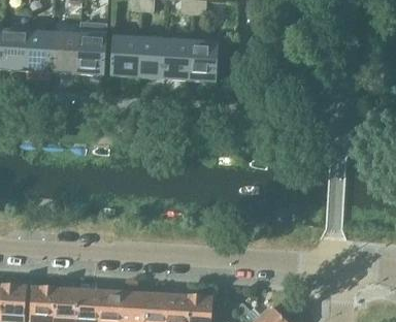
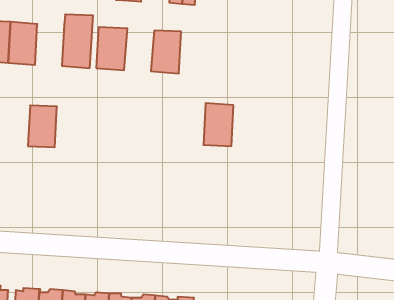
building: [51,32,78,72] -> [28,105,57,147]
building: [136,36,165,77] -> none
building: [189,39,218,80] -> [203,103,233,146]

